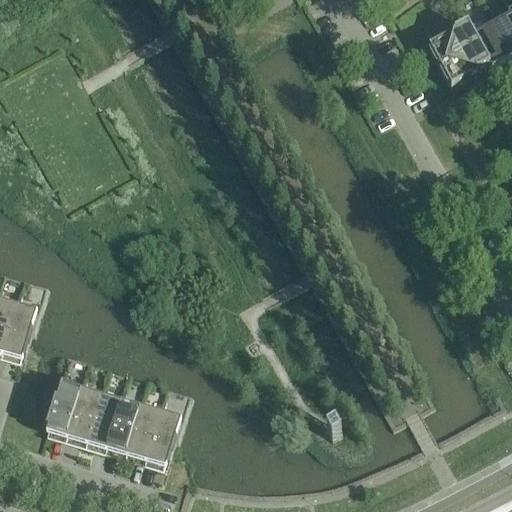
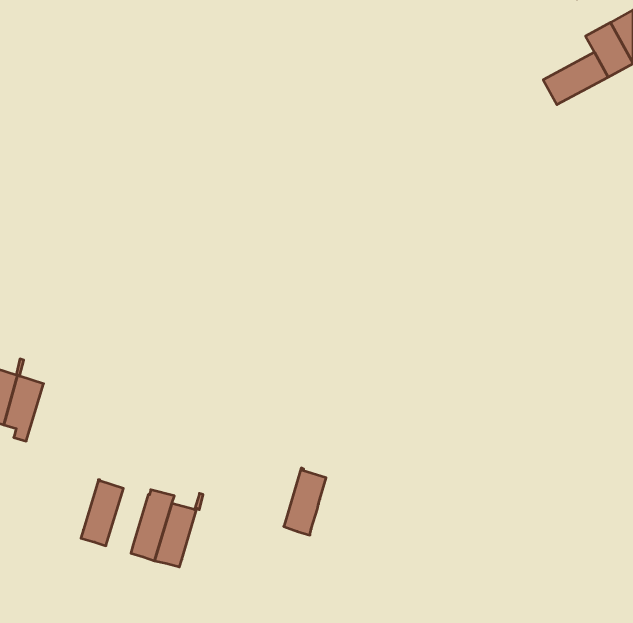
building: [425,21,477,64] -> none
building: [44,372,84,432] -> none
building: [85,384,124,444] -> none
building: [144,408,178,462] -> [284,468,326,535]

